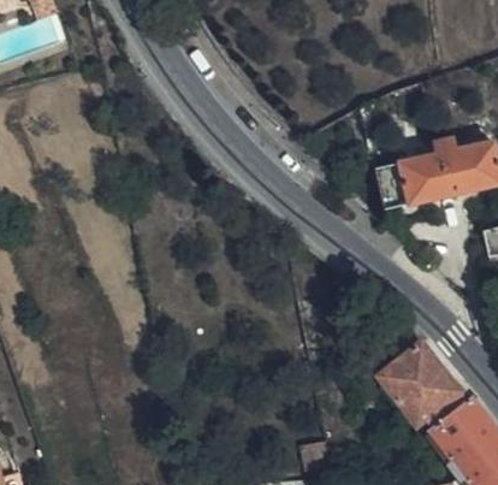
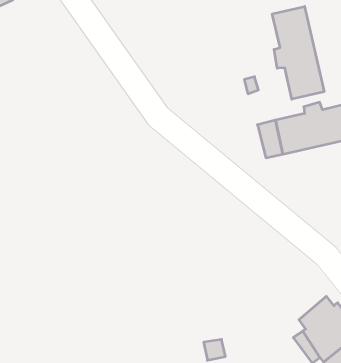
building: none -> [272,6,324,99]
building: [377,324,457,424] -> none

